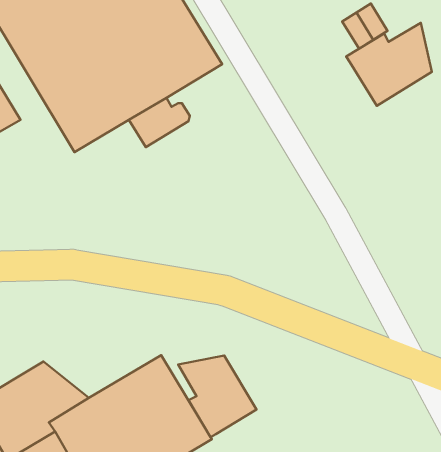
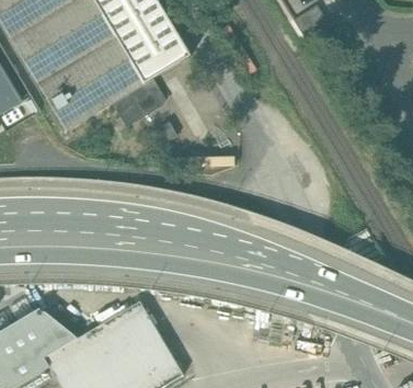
building: [346,23,432,106] -> none
building: [178,356,257,437] -> none

